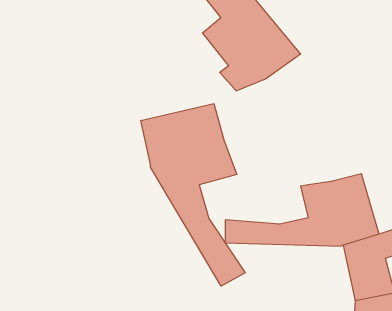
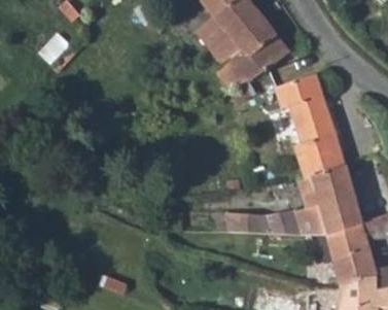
building: none -> [274,73,347,176]
building: [141,104,245,286] -> none

